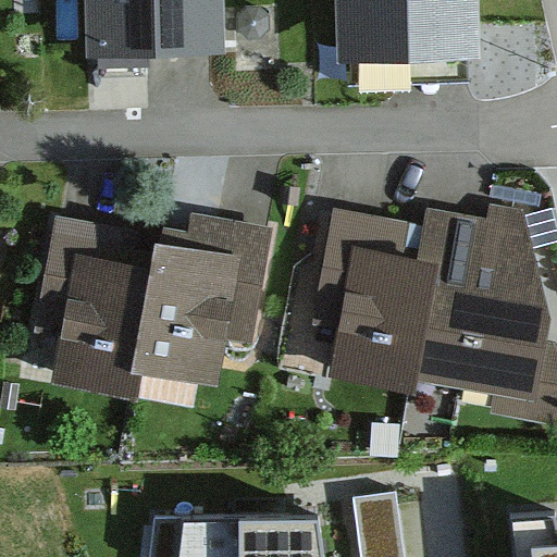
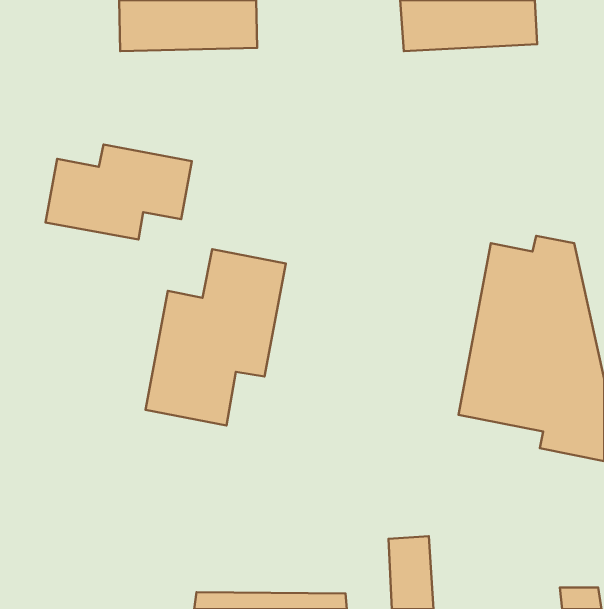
building: none -> [45,145,192,240]
building: [313,218,448,389] -> none
building: [38,231,157,401] -> none

